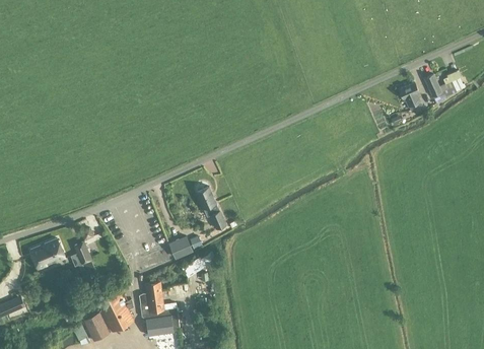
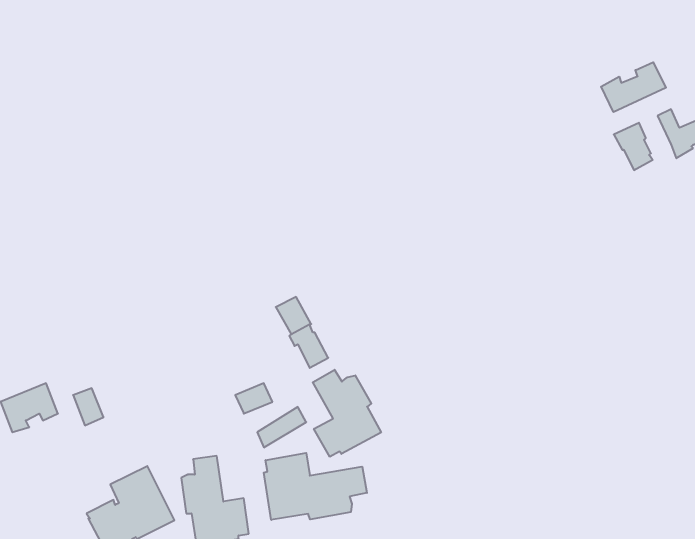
building: none -> [601,62,666,112]
building: none -> [313,370,381,457]
building: none -> [264,453,367,520]

